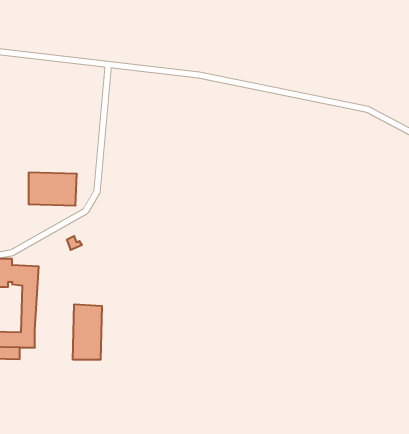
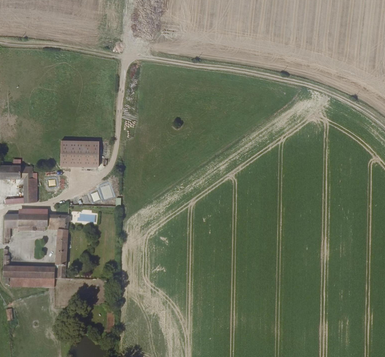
building: [73,304,102,360] -> none

